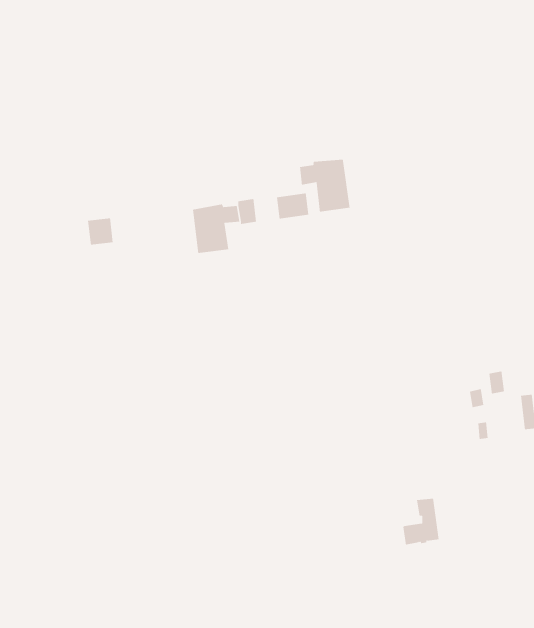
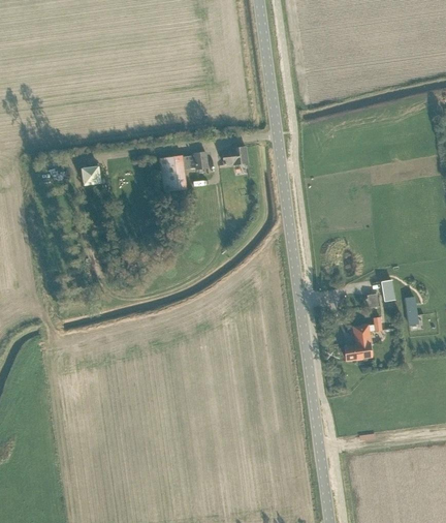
building: [300,159,350,212] -> none
building: [402,498,440,545] -> [344,325,372,360]

